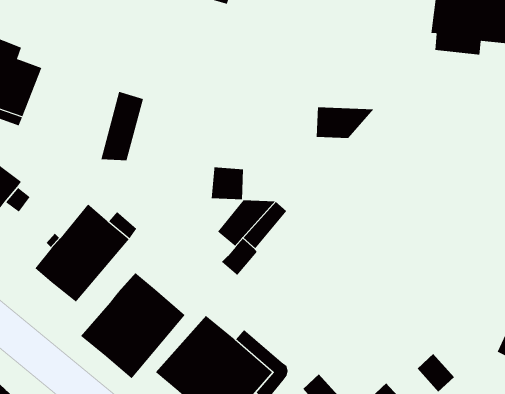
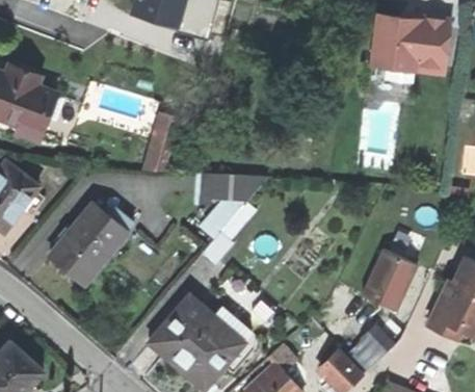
building: [101,91,144,161] -> [142,115,178,173]
building: [316,107,374,138] -> [219,175,267,201]
building: none -> [363,250,416,309]
building: [80,272,185,379] -> none

